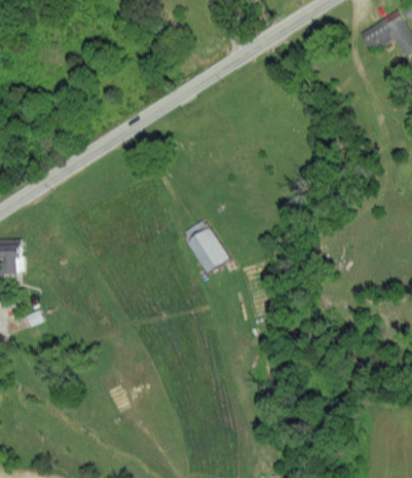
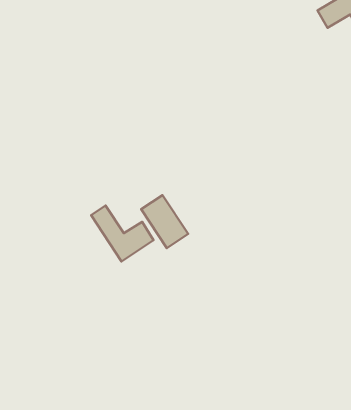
building: none -> [91,206,153,262]

